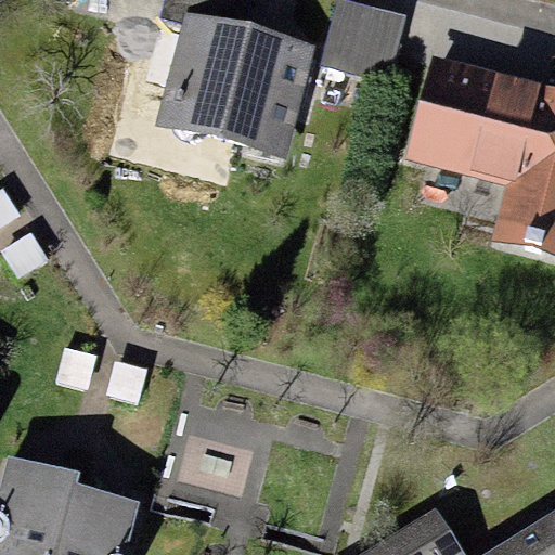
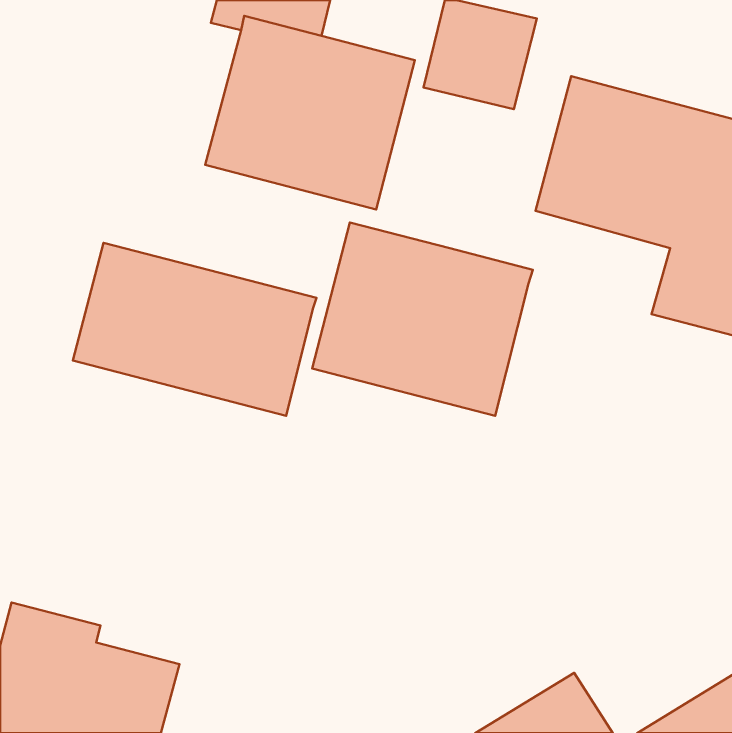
building: none -> [312,223,533,416]
building: none -> [73,243,317,416]

